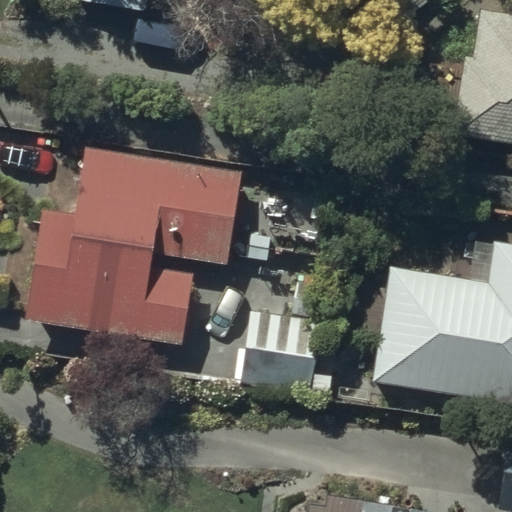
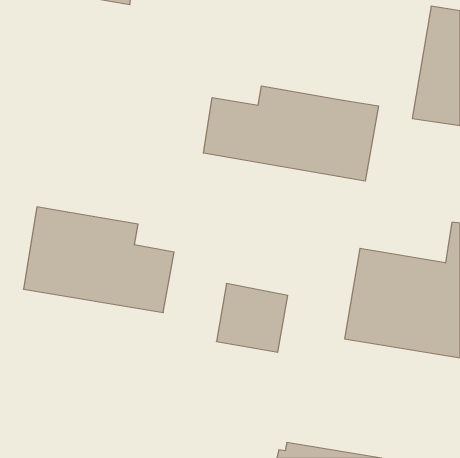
building: none -> [203,86,378,181]
building: [75,151,240,261] -> none

